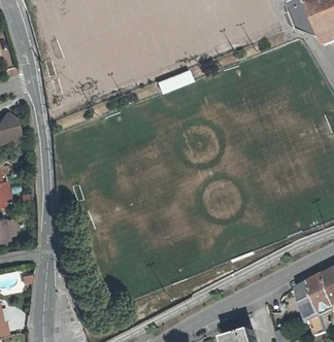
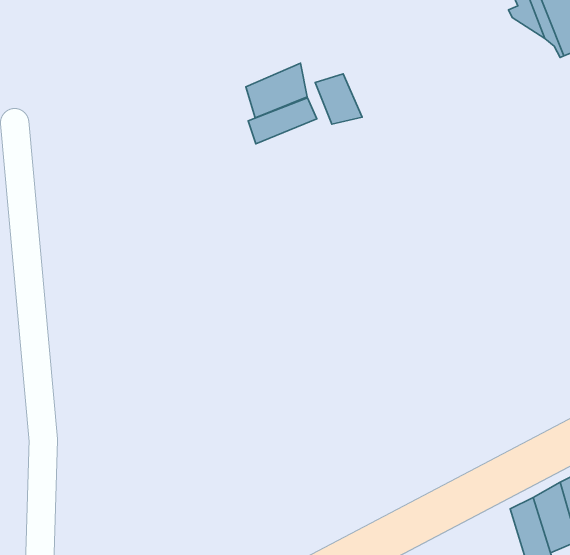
building: none -> [246,63,307,118]
building: none -> [315,74,362,124]

